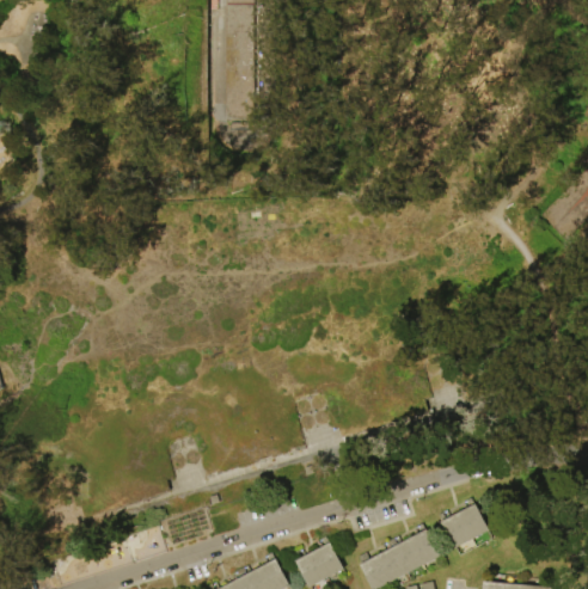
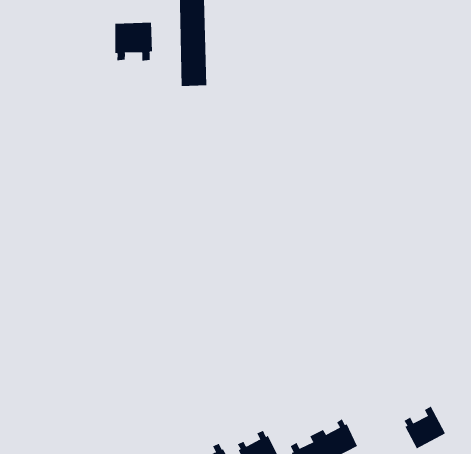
building: none -> [115,22,152,61]
building: [436,498,488,551] -> [404,406,446,449]

